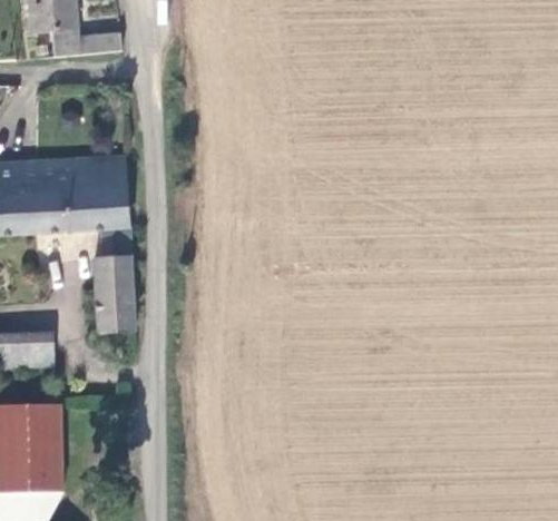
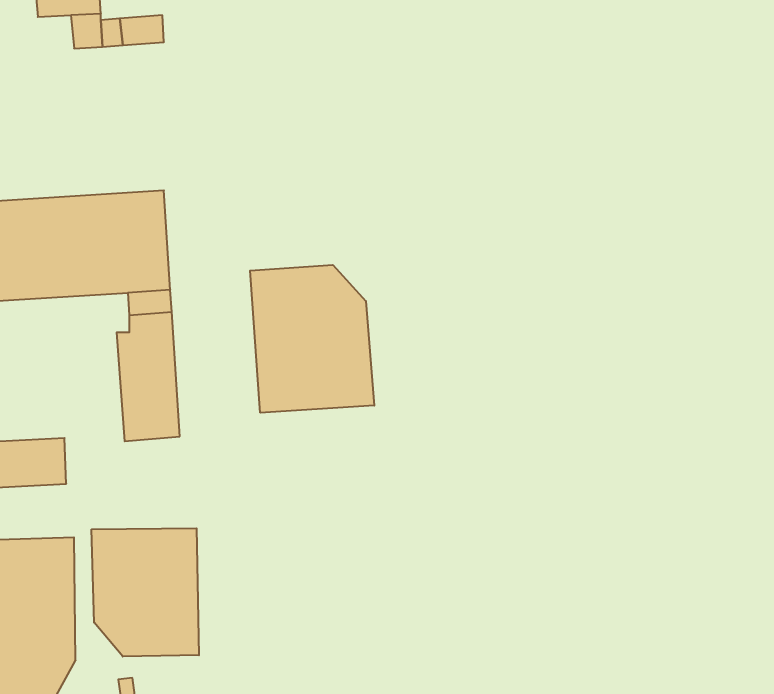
building: none -> [250,265,374,413]
building: none -> [92,528,199,657]

